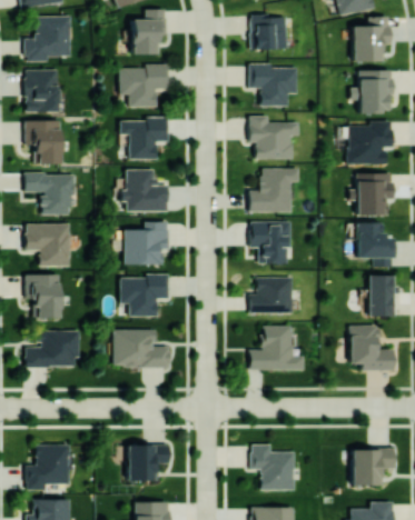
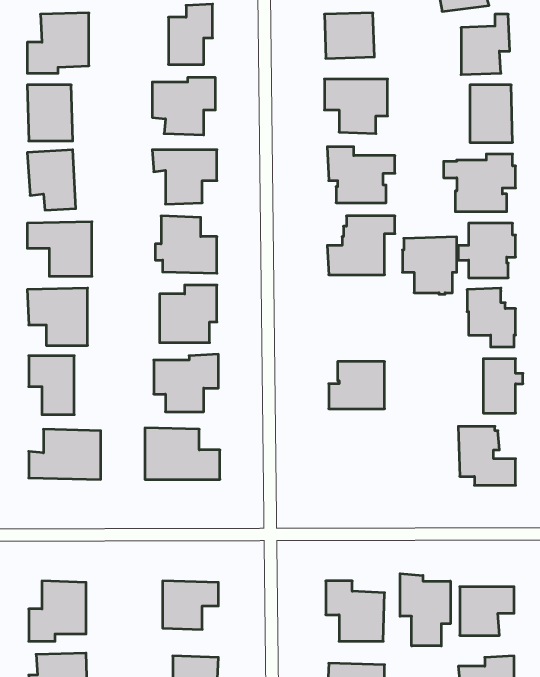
building: [253,222,294,266] -> [402,237,457,294]
building: [249,326,304,370] -> none
building: none -> [400,574,450,646]

